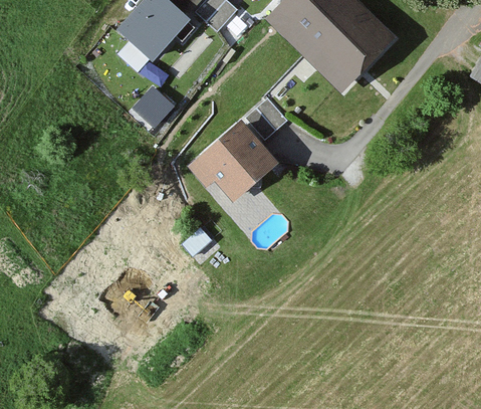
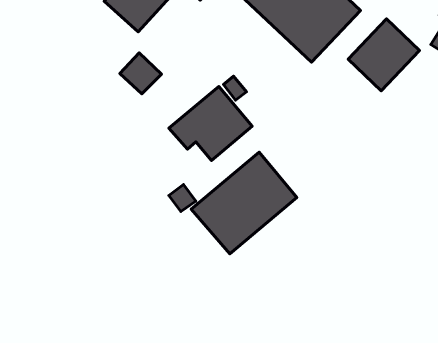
building: none -> [348,19,419,91]
building: none -> [191,152,297,254]

